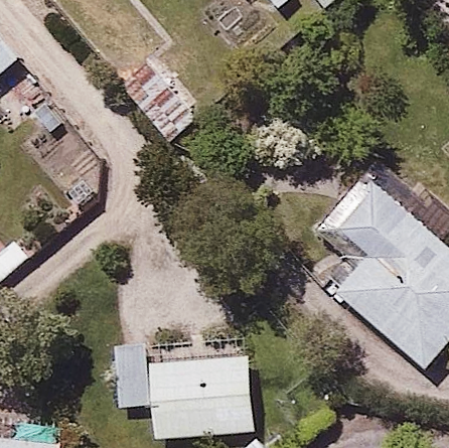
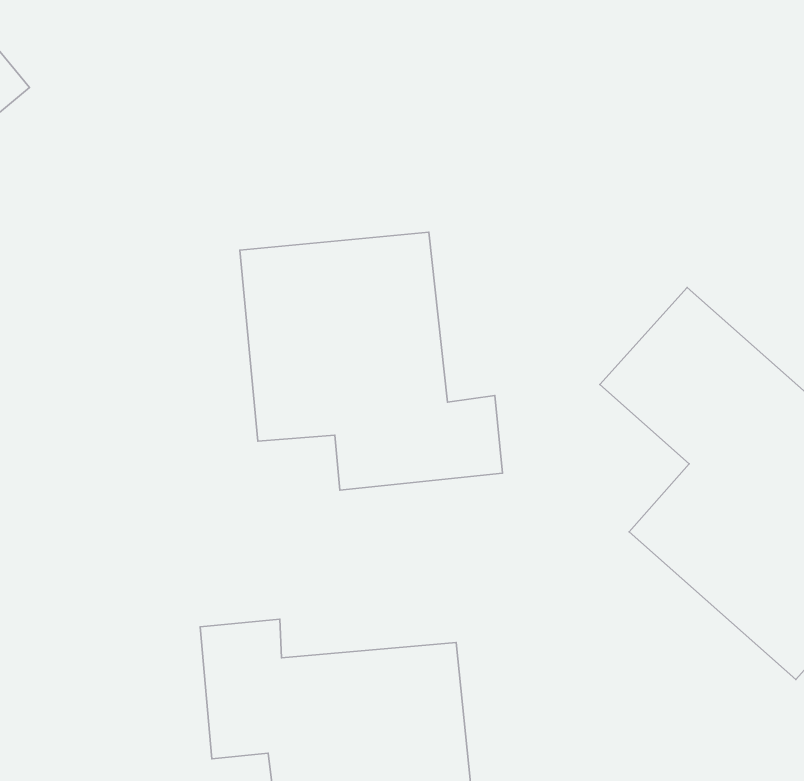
building: none -> [240,232,502,490]

